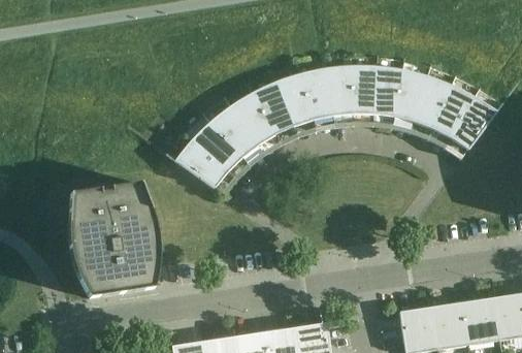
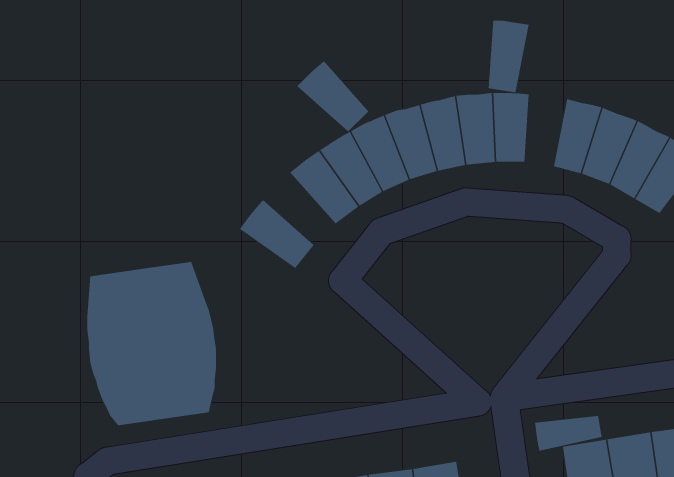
building: [373,66,402,117] -> [488,20,529,93]
building: [191,121,241,171] -> [296,60,369,132]
building: none -> [534,415,602,452]

